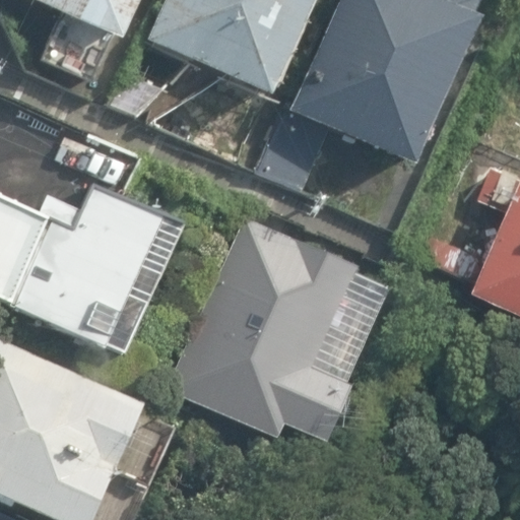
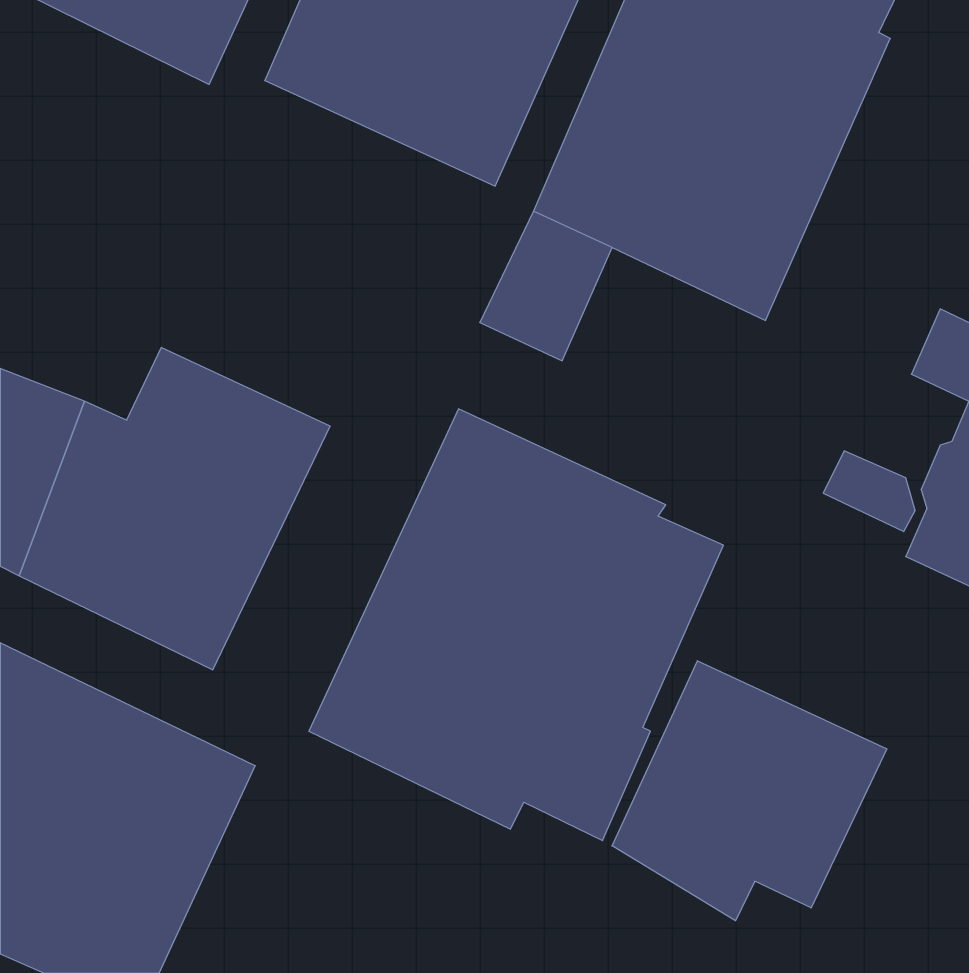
building: none -> [612,661,887,921]

